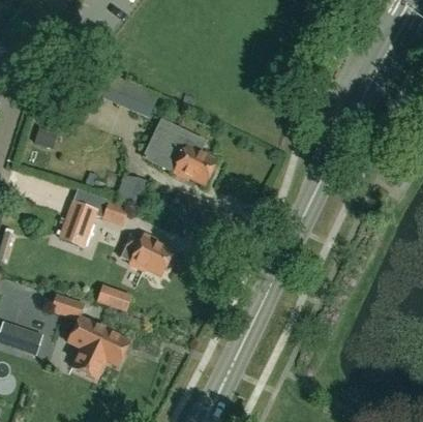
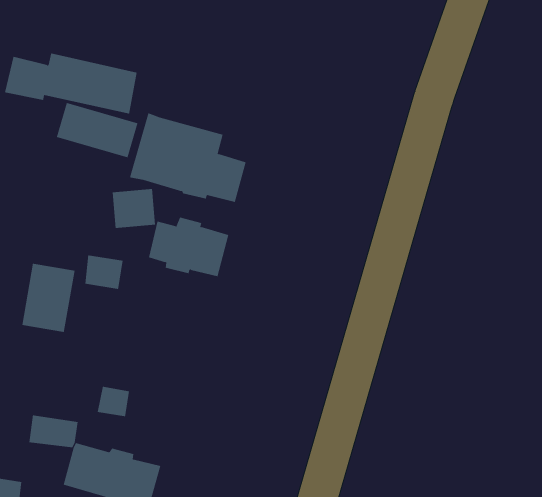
building: none -> [56,102,138,158]
building: [120,234,173,275] -> [148,217,229,277]

